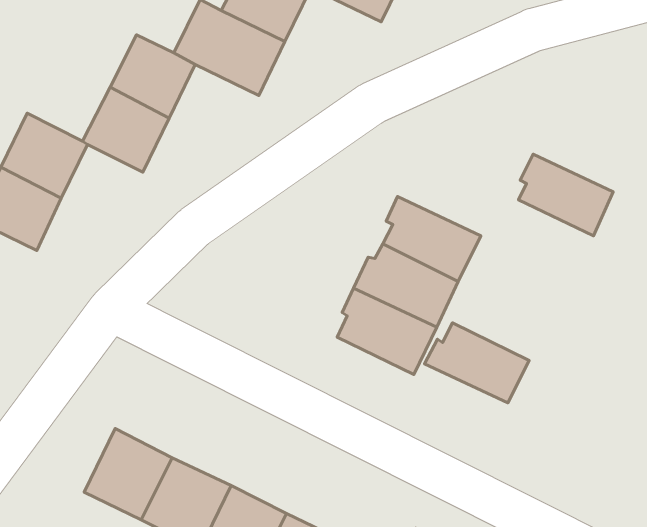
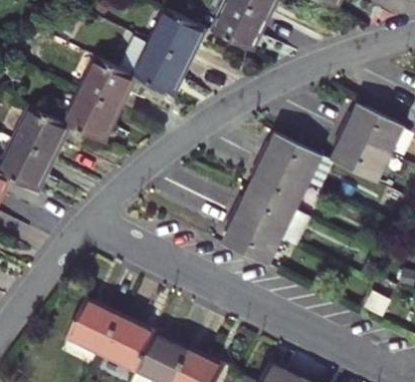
building: none -> [342,105,405,154]
building: [425,323,529,403] -> [258,132,323,181]

